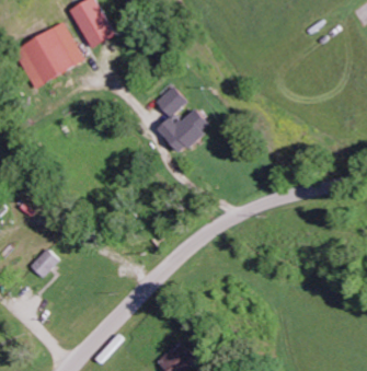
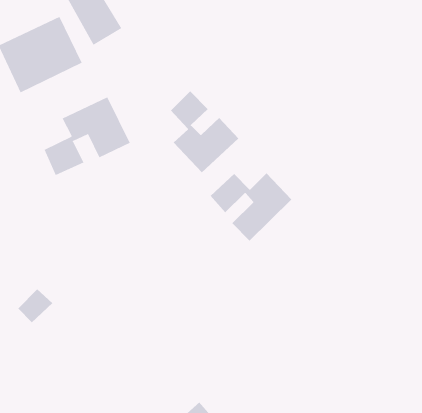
building: none -> [44,97,130,176]
building: none -> [210,173,292,242]

